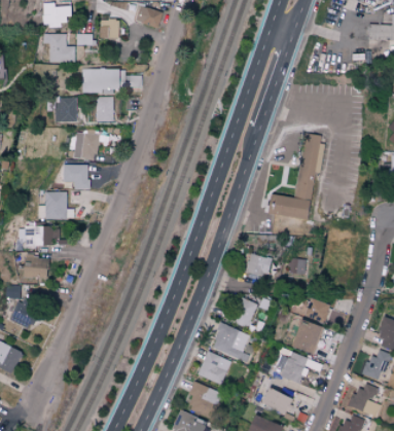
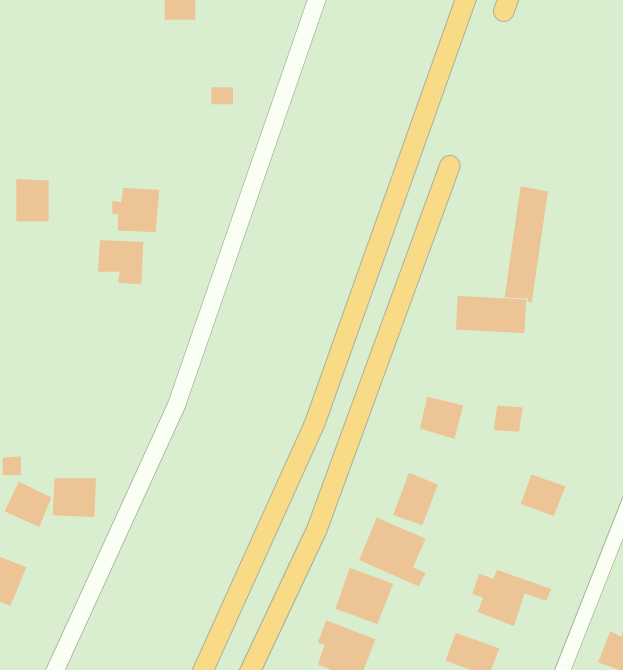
building: [44,33,76,63] -> none
building: [83,68,118,92] -> none
building: [58,97,77,121] -> [15,178,50,222]
building: [97,97,114,121] -> none
building: [39,191,68,219] -> none
building: [25,225,52,246] -> none
building: [23,256,48,279] -> [52,478,97,517]
building: [292,320,321,353] -> none

